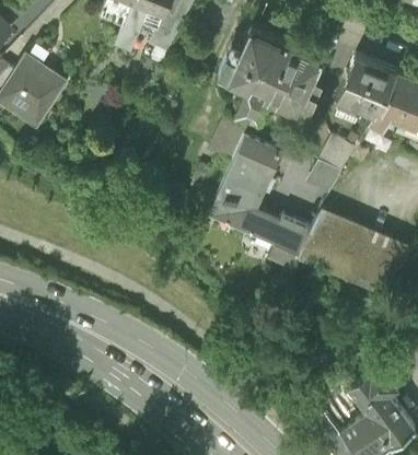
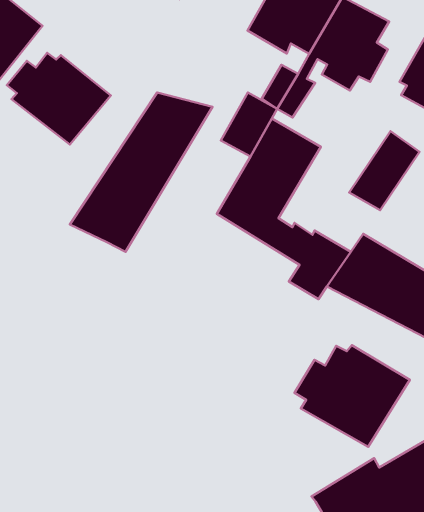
building: none -> [7,53,111,145]
building: none -> [70,93,212,252]
building: none -> [295,345,410,447]

